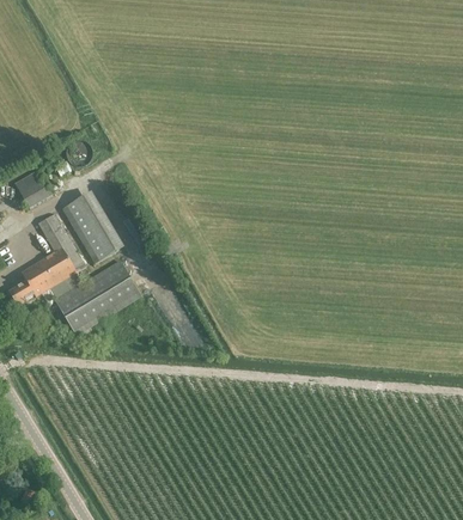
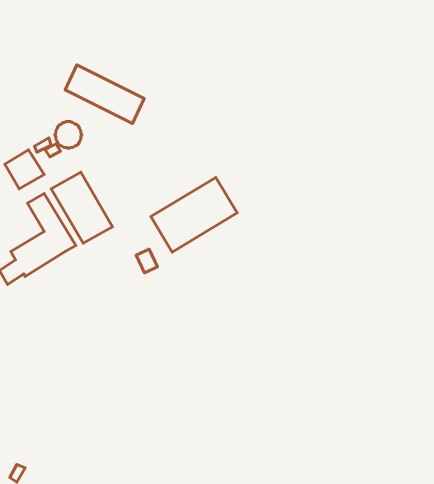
building: none -> [65,65,144,124]
building: [53,259,140,335] -> [151,178,237,252]

